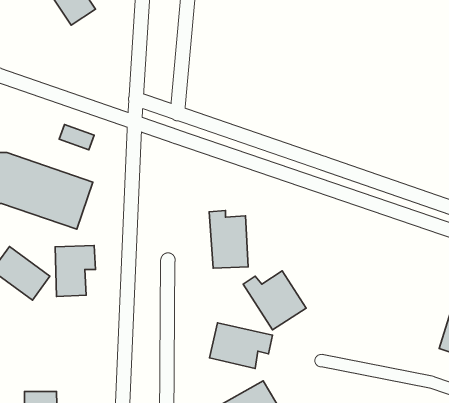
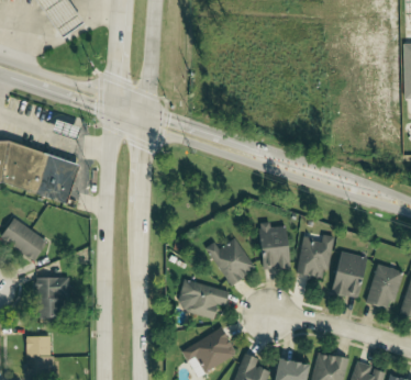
building: [209,211,248,268] -> [256,222,288,269]
building: [55,245,96,296] -> [36,277,69,318]
building: none -> [297,235,333,278]
building: none -> [333,253,364,297]

